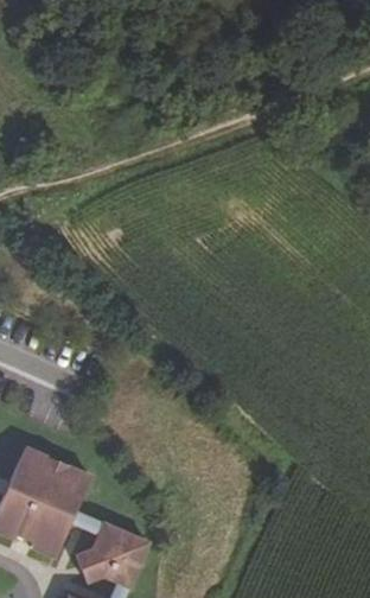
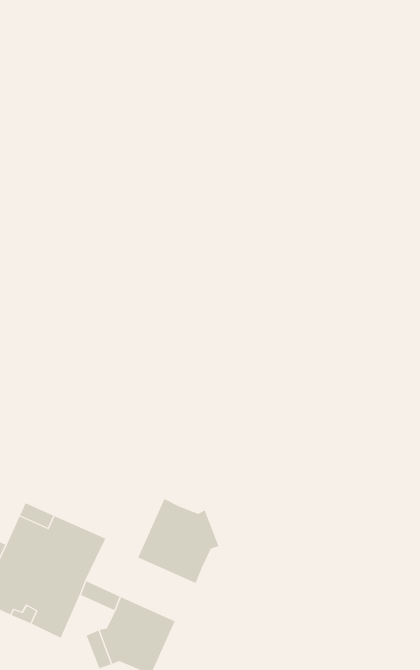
building: none -> [138,498,219,584]

